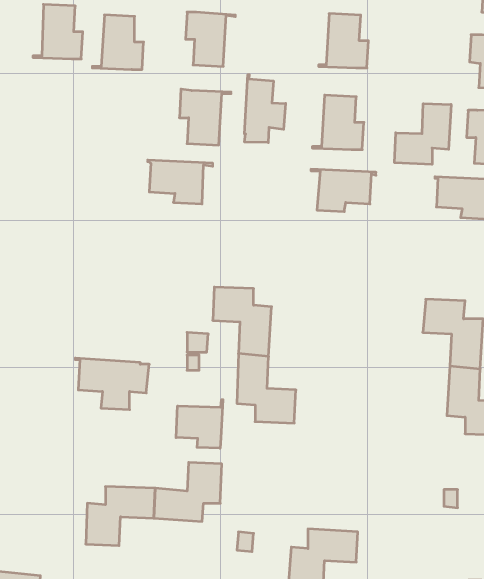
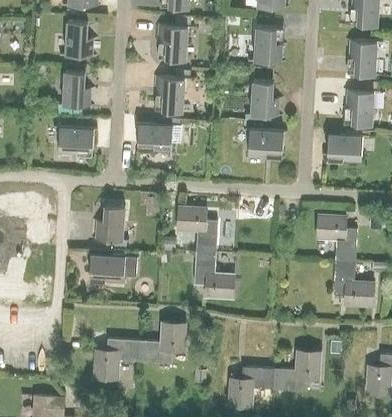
building: [92,15,144,69] -> [56,70,90,106]
building: [244,75,286,143] -> none
building: [395,104,451,164] -> none
building: none -> [53,126,96,154]
building: none -> [90,205,128,242]
building: [176,400,223,448] -> none
building: none -> [273,352,318,391]

